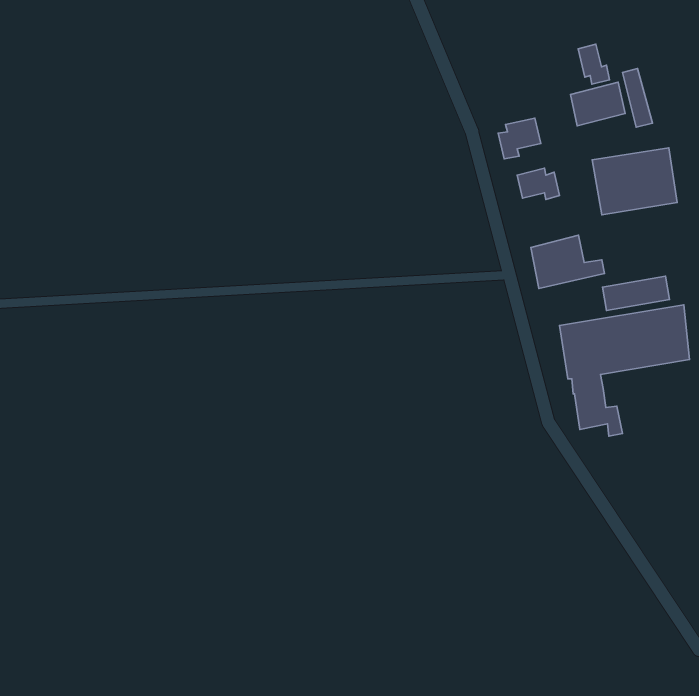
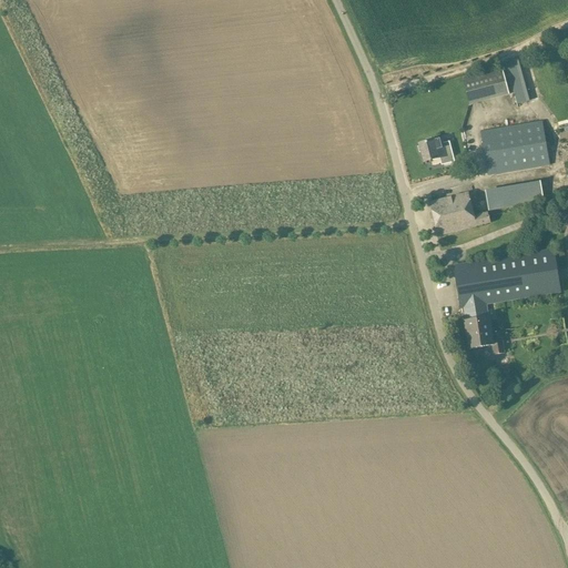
building: [578,44,610,84] -> none
building: [498,118,541,159] -> none
building: [603,276,670,311] -> [485,181,539,209]

